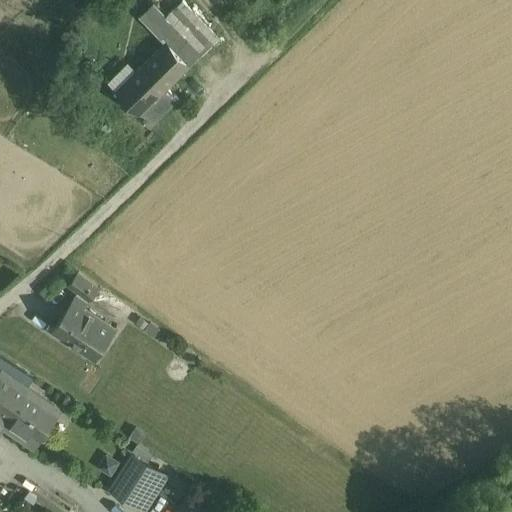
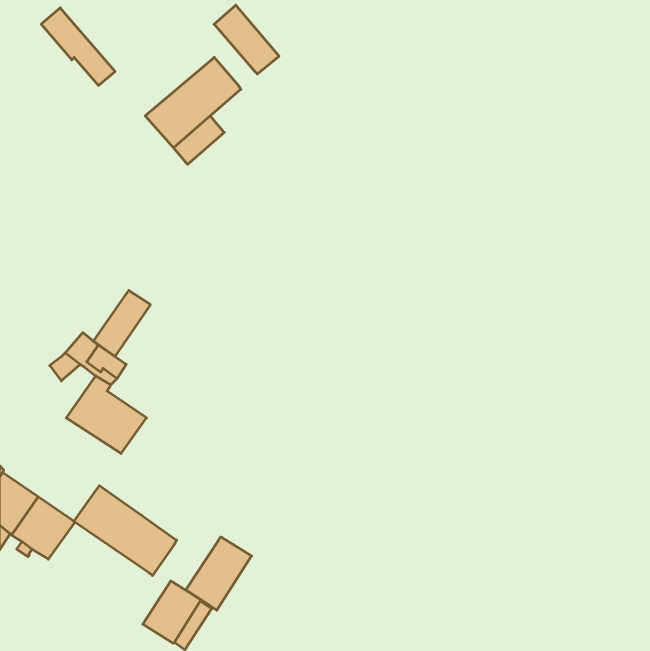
building: [142,6,200,67] -> [41,8,115,85]
building: none -> [93,290,150,357]
building: none -> [74,486,177,576]
building: none -> [186,537,252,610]

